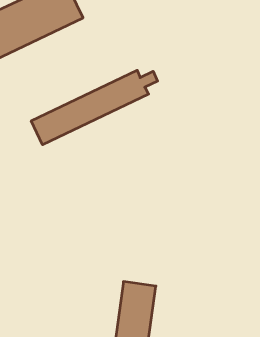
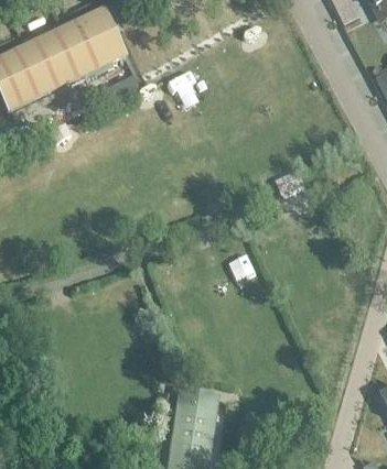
building: [31,70,158,145] -> none

